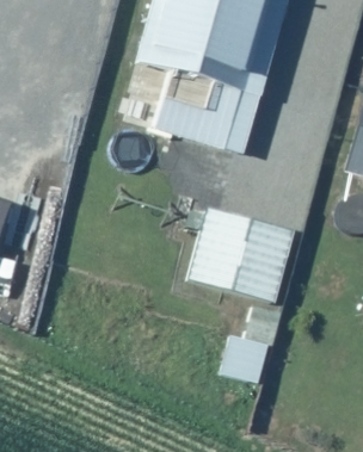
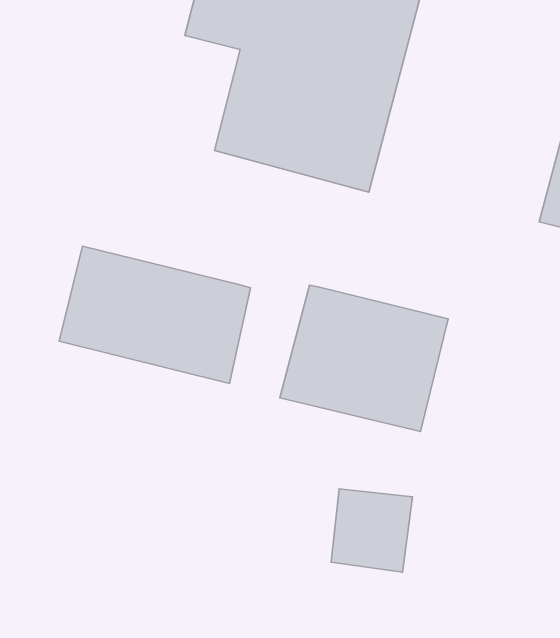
building: none -> [59,246,251,384]

